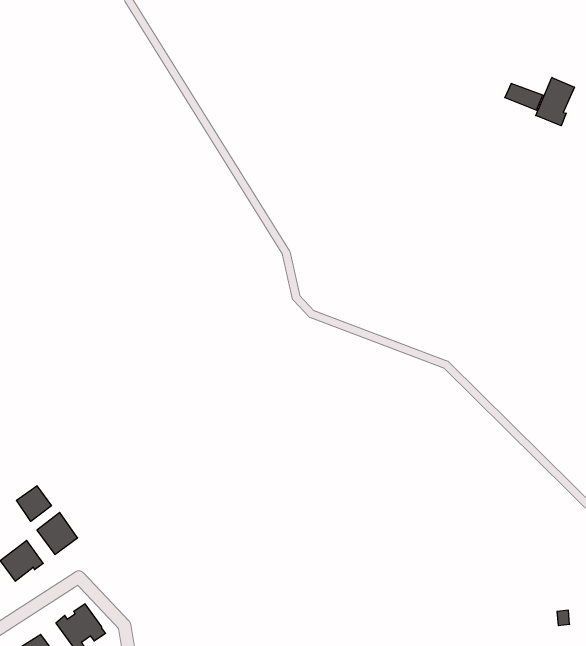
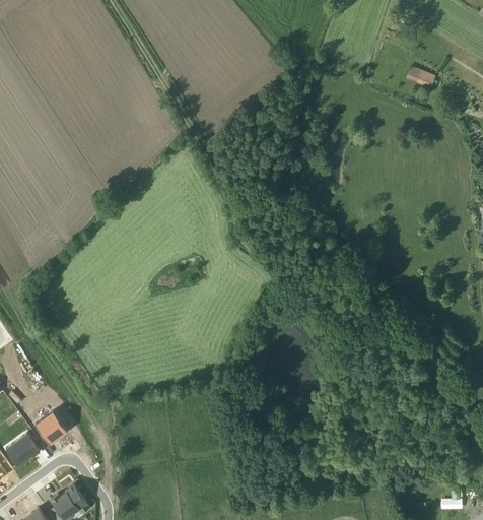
building: [536,77,574,126] -> none
building: [16,486,51,521] -> none

